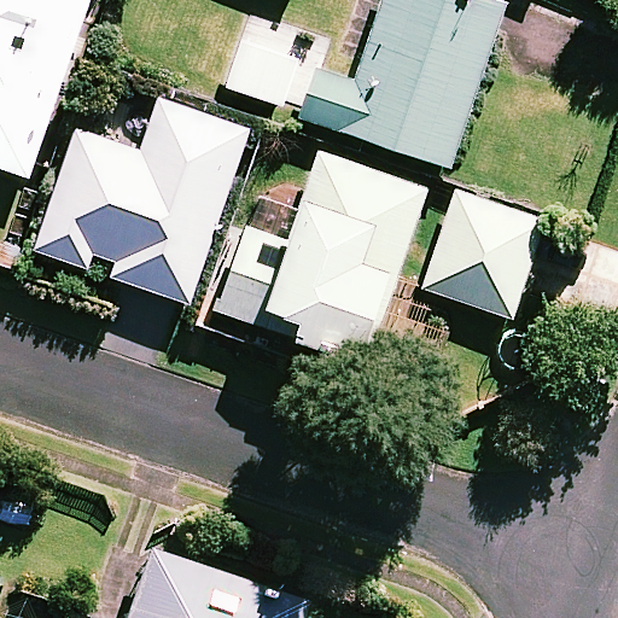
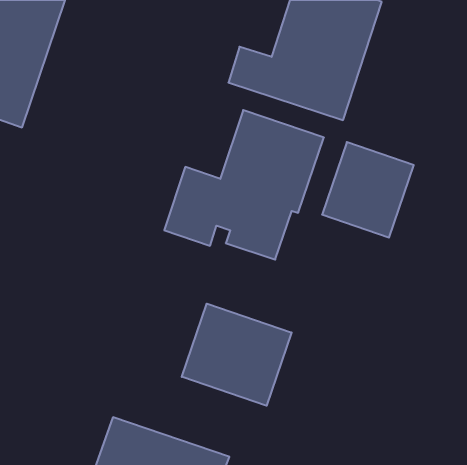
building: [37,98,249,301] -> none
building: none -> [182,304,292,406]

